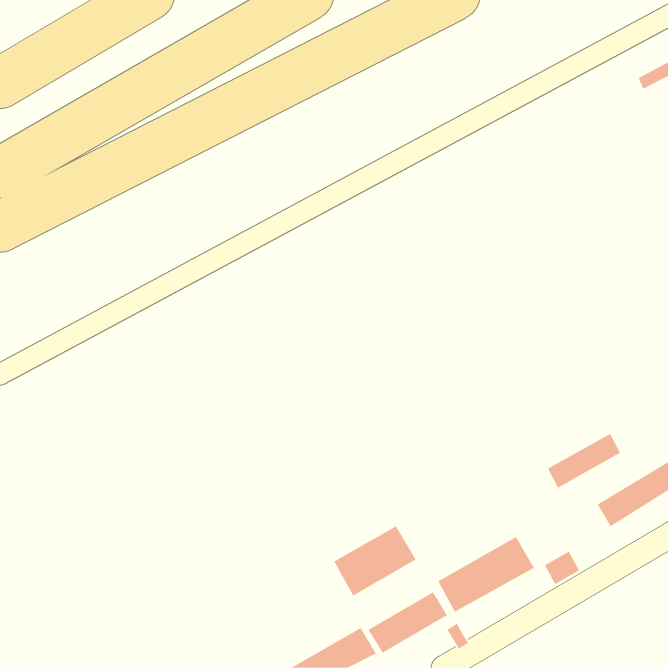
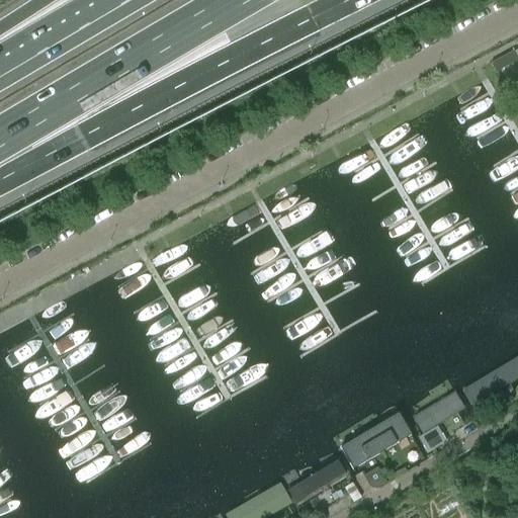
building: [547,433,621,488] -> [409,392,465,434]
building: [333,525,417,596] -> none

